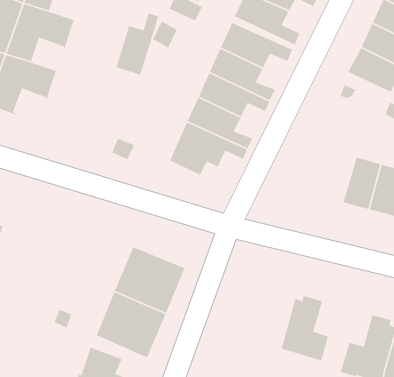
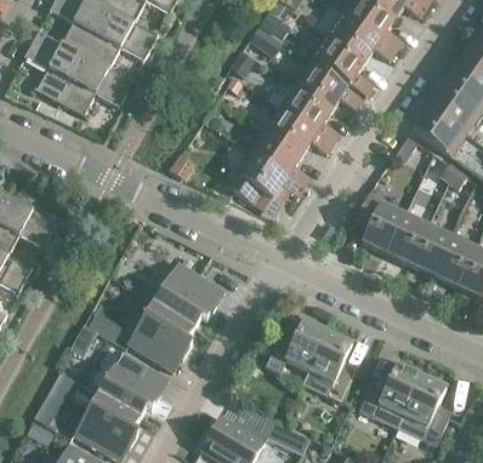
building: [115,12,159,76] -> none
building: none -> [353,193,407,253]
building: none -> [262,321,325,378]

